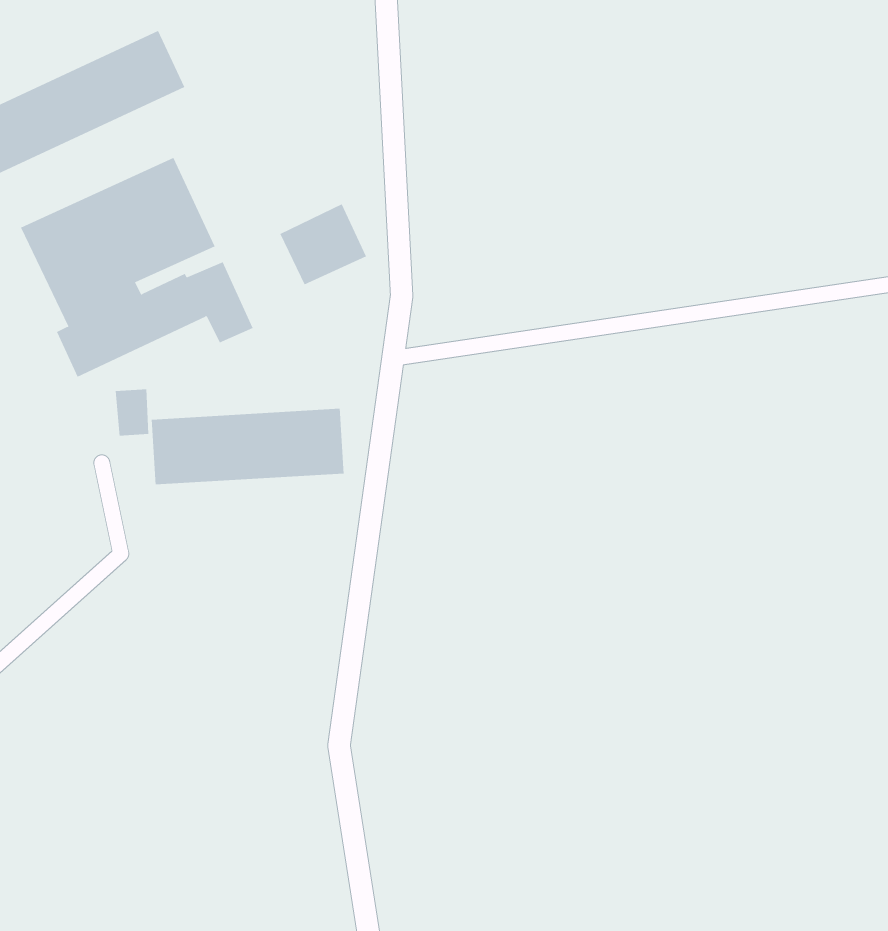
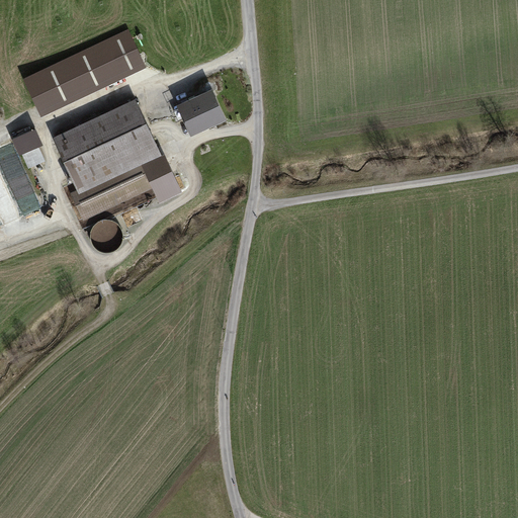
building: [279,203,367,285] -> [177,89,224,133]
building: [151,408,344,485] -> none

